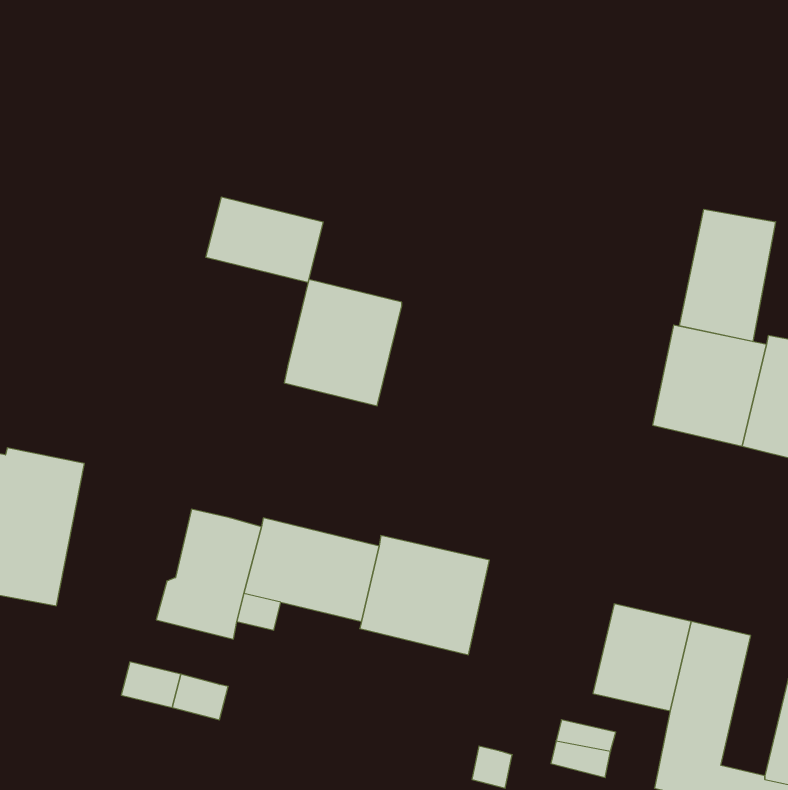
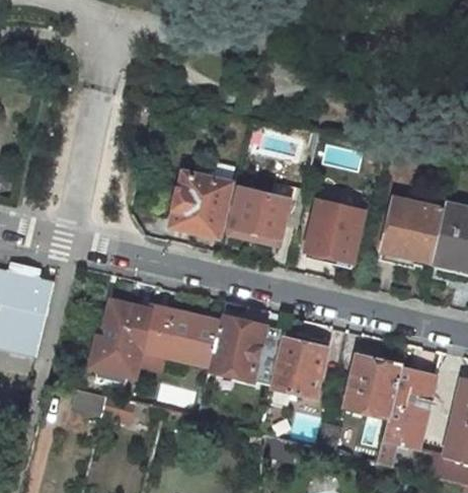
building: [206,197,323,282] -> none
building: [679,209,776,342] -> none
building: none -> [225,184,293,248]
building: none -> [304,207,363,269]
building: none -> [271,330,326,397]

